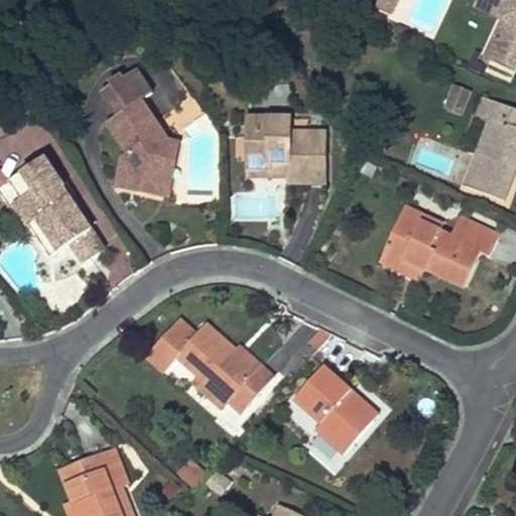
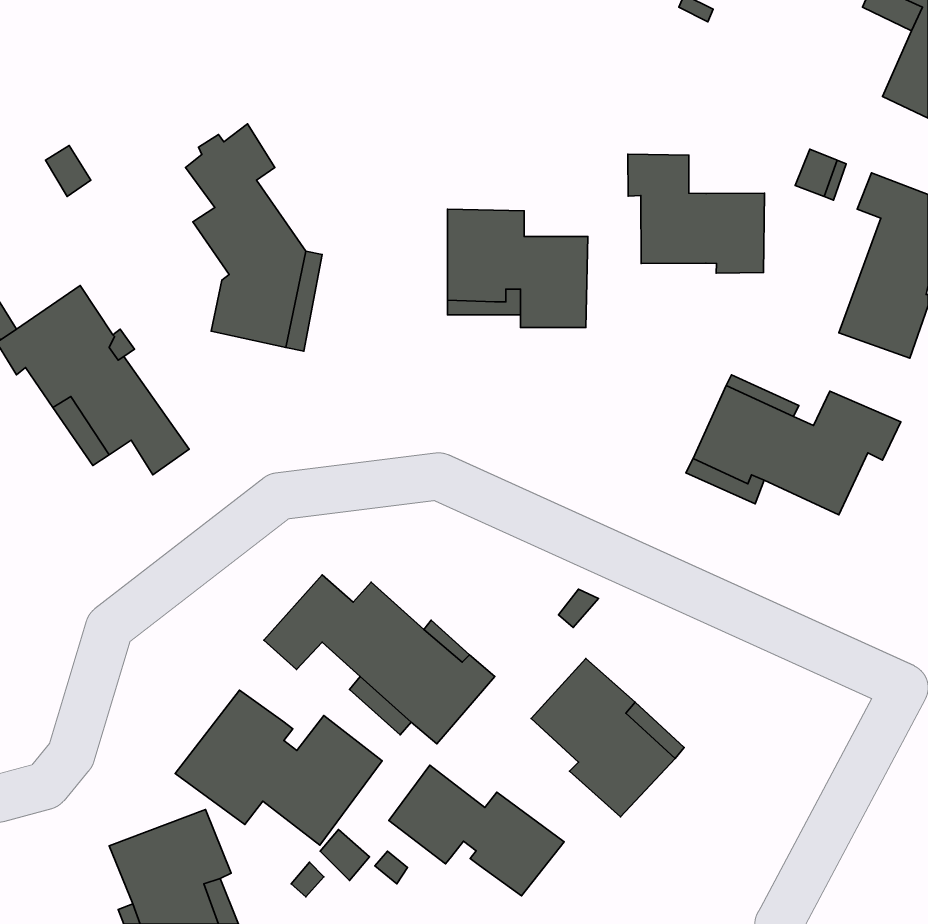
building: none -> [628,154,764,273]
building: none -> [175,690,382,845]
building: none -> [389,765,564,896]

